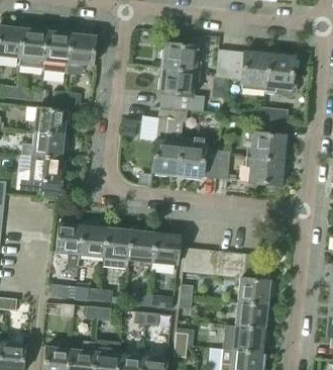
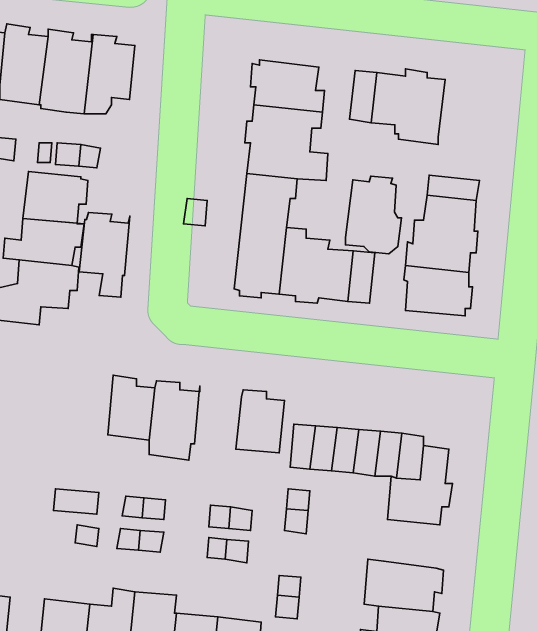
building: [265,53,297,96] -> [346,176,402,254]
building: [56,218,84,266] -> [79,212,130,297]
building: [129,226,155,262] -> none
building: [235,301,271,329] -> none

